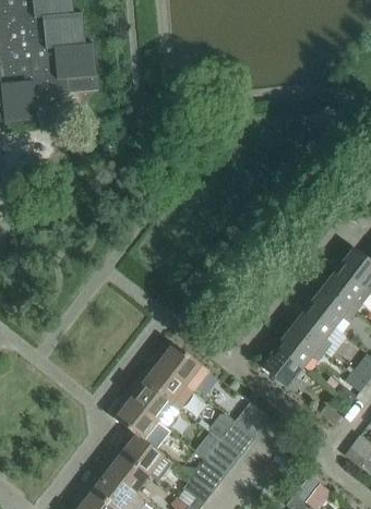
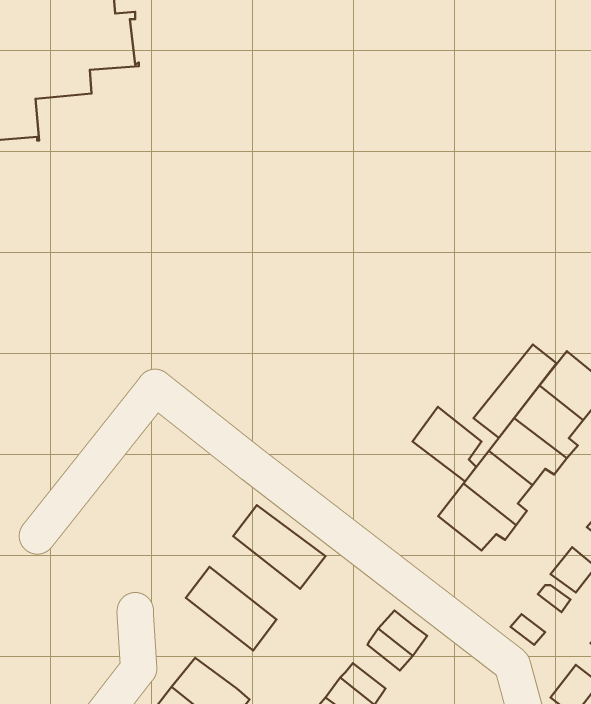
building: none -> [473,344,557,438]
building: [262,347,303,391] -> [413,407,481,481]
building: [140,359,194,409] -> none
building: [110,396,171,450] -> none
building: [211,414,254,450] -> none

